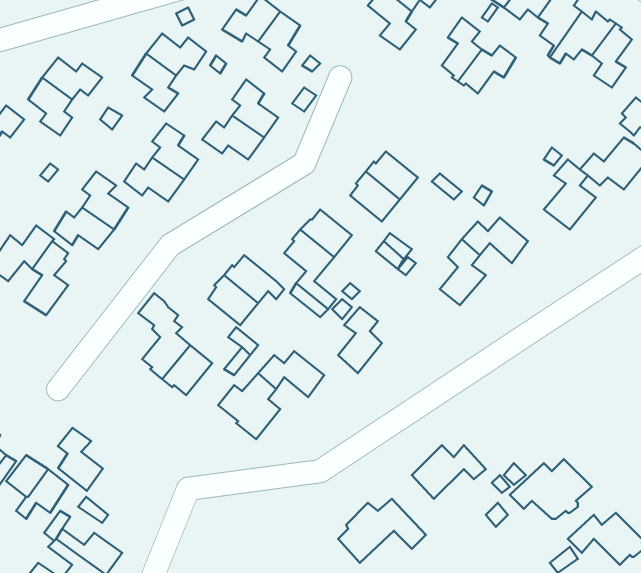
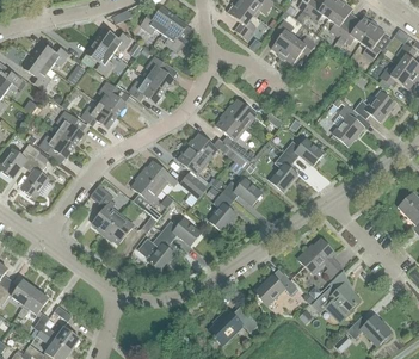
building: none -> [222,178,261,204]
building: none -> [297,237,341,277]
building: [58,428,103,491] -> none

